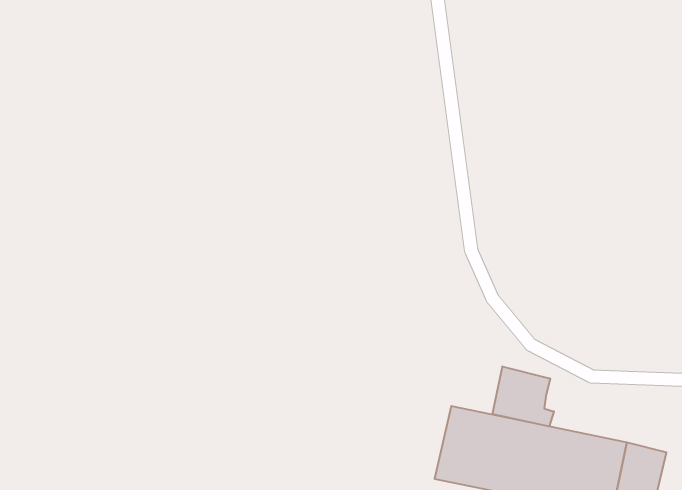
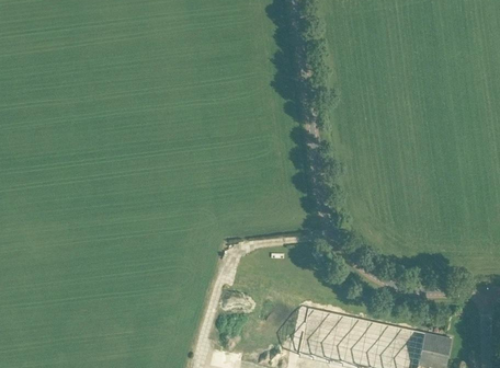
building: [493,366,554,426] -> none

